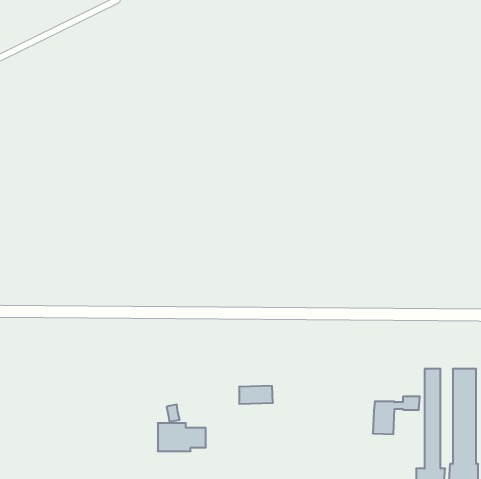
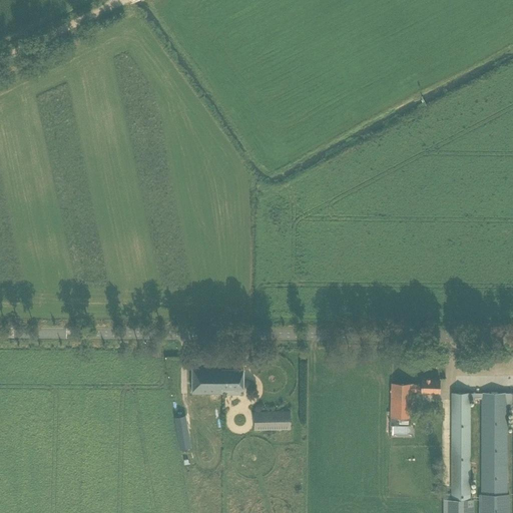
building: [373,397,420,434] -> [390,380,440,420]
building: [158,423,206,451] -> [192,365,243,395]

